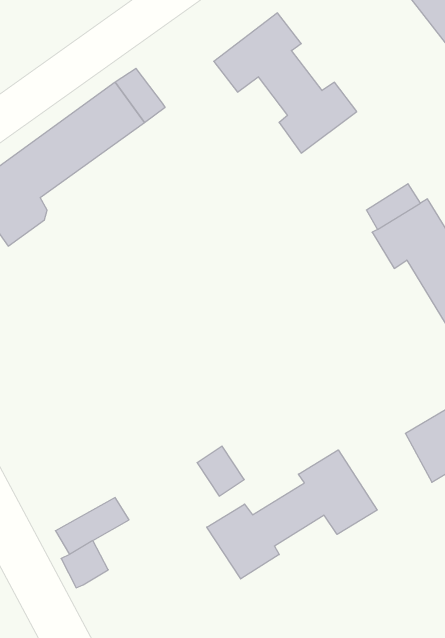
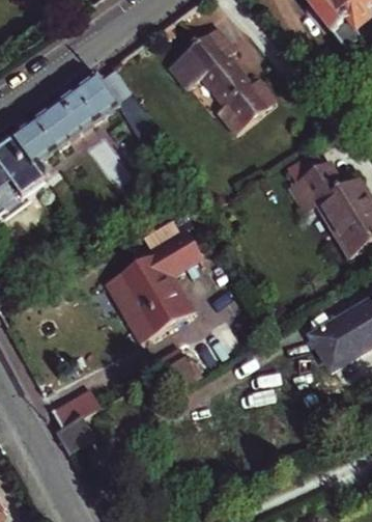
building: none -> [105,200,206,345]
building: [207,450,377,579] -> none

